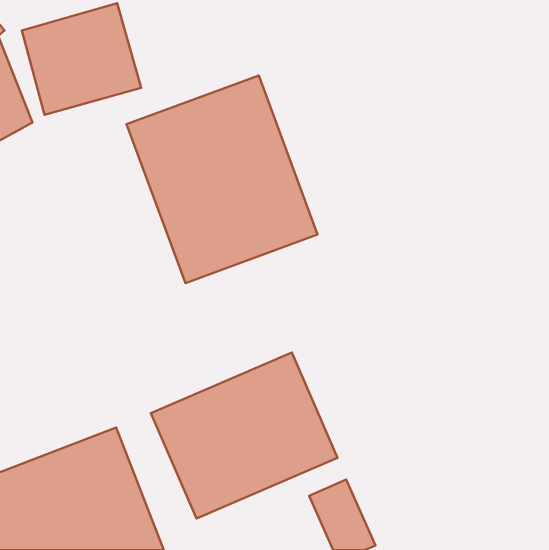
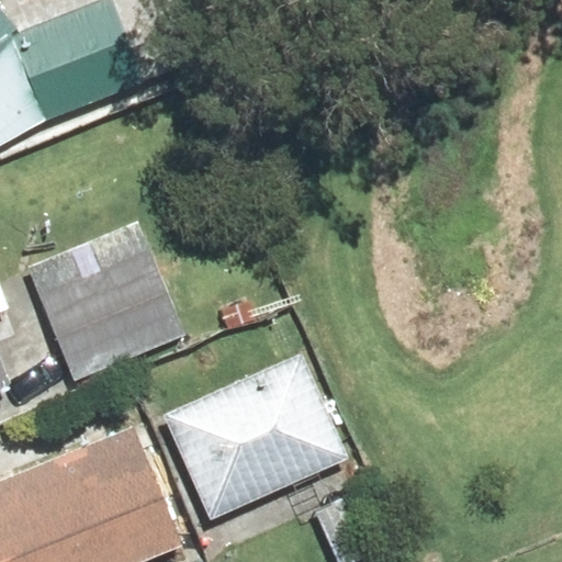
building: [126,76,318,283] -> none
building: none -> [32,223,190,379]

